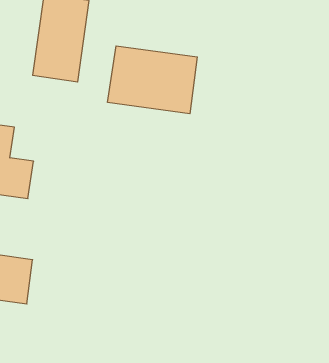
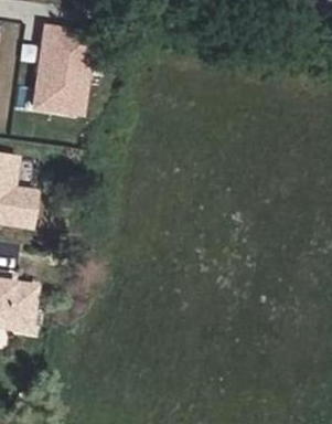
building: [108,46,197,114] -> none

